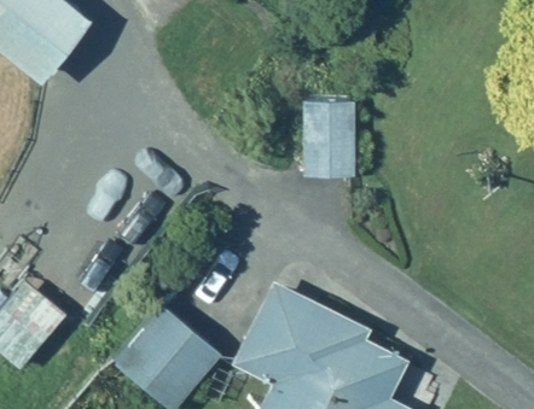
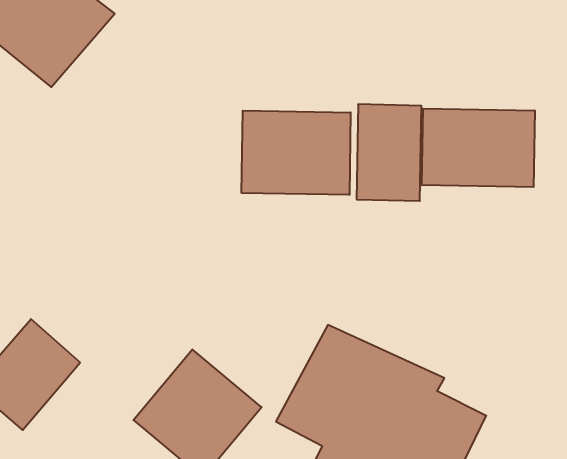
building: none -> [422,109,535,187]
building: none -> [242,111,351,195]

